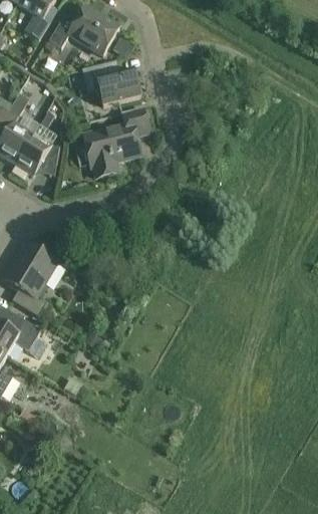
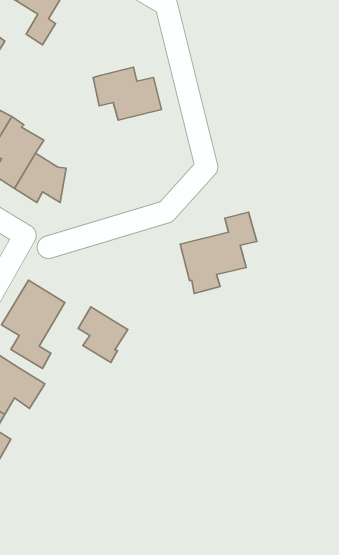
building: [49,6,119,53] -> none
building: [84,106,149,176] -> [180,212,257,293]
building: none -> [78,307,128,363]

